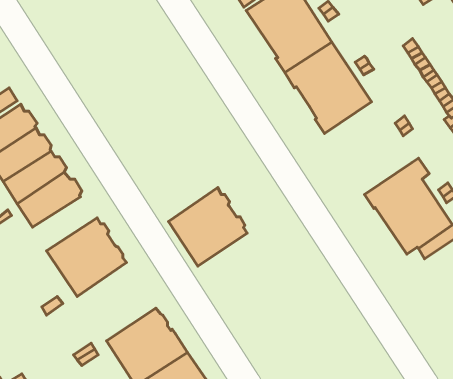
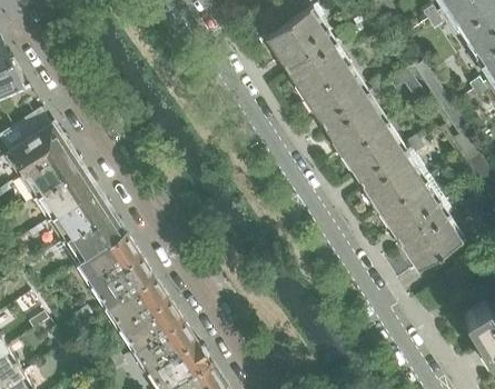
building: none -> [339,123,422,211]
building: [168,188,247,266] -> [105,276,179,350]
building: none -> [41,213,123,265]

